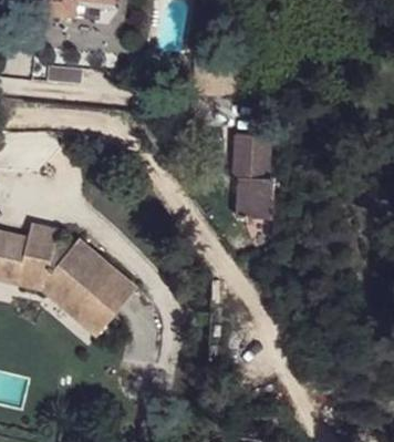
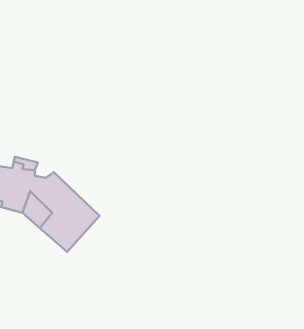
building: [235,134,276,218] -> none

